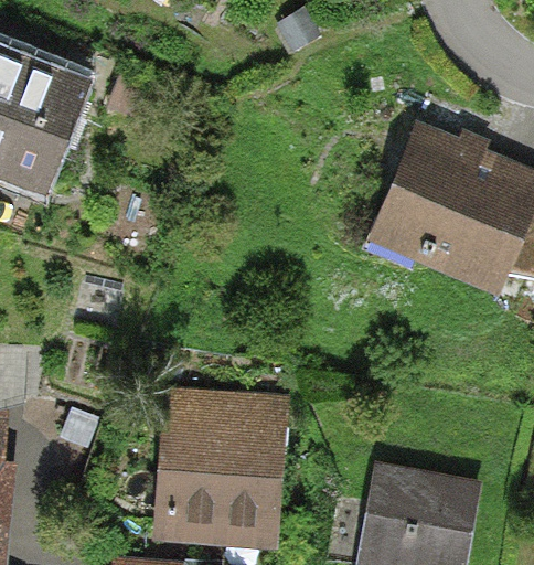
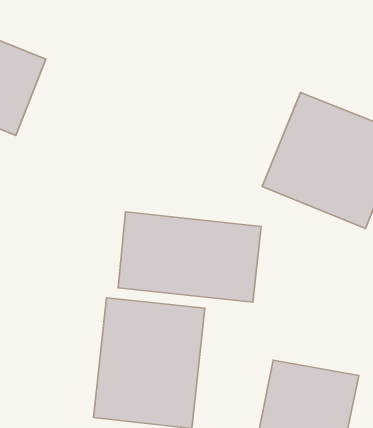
building: none -> [118,212,261,302]

